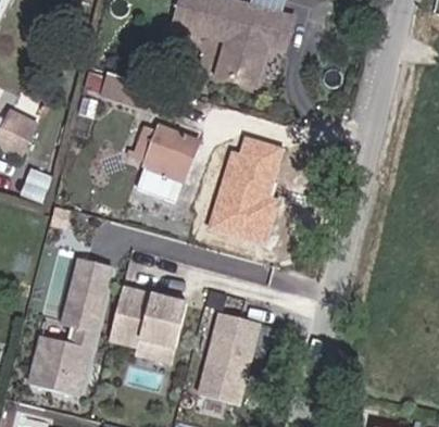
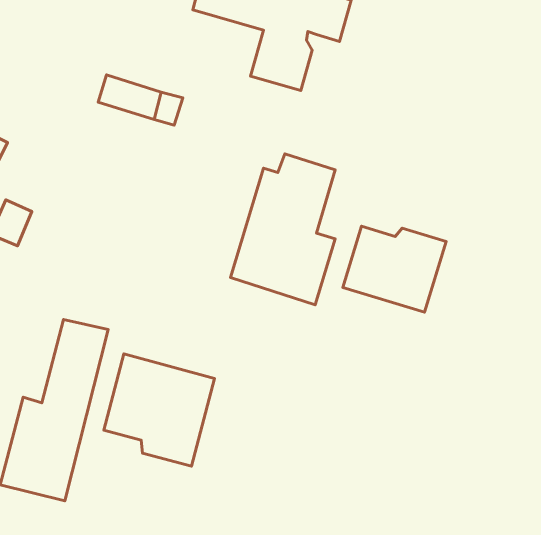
building: [128,124,197,199] -> none
building: none -> [343,226,446,312]
building: [197,312,261,405] -> none

